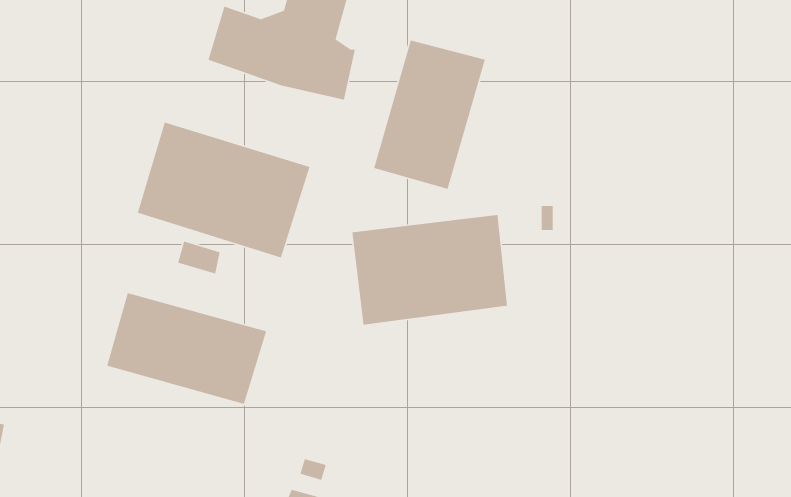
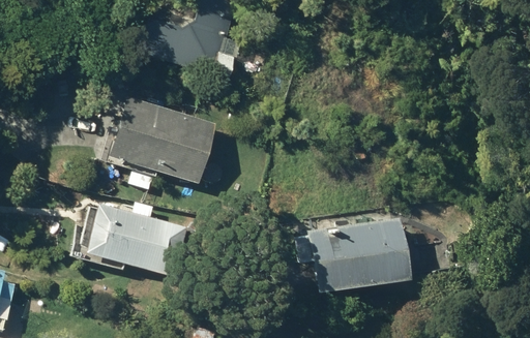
building: [373,39,486,190] -> none
building: [352,214,508,325] -> [304,219,405,290]

